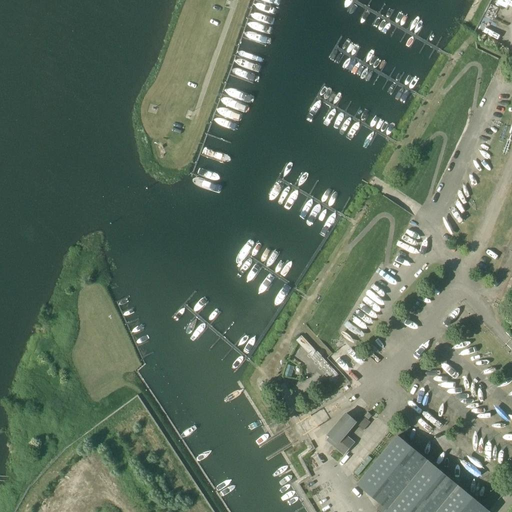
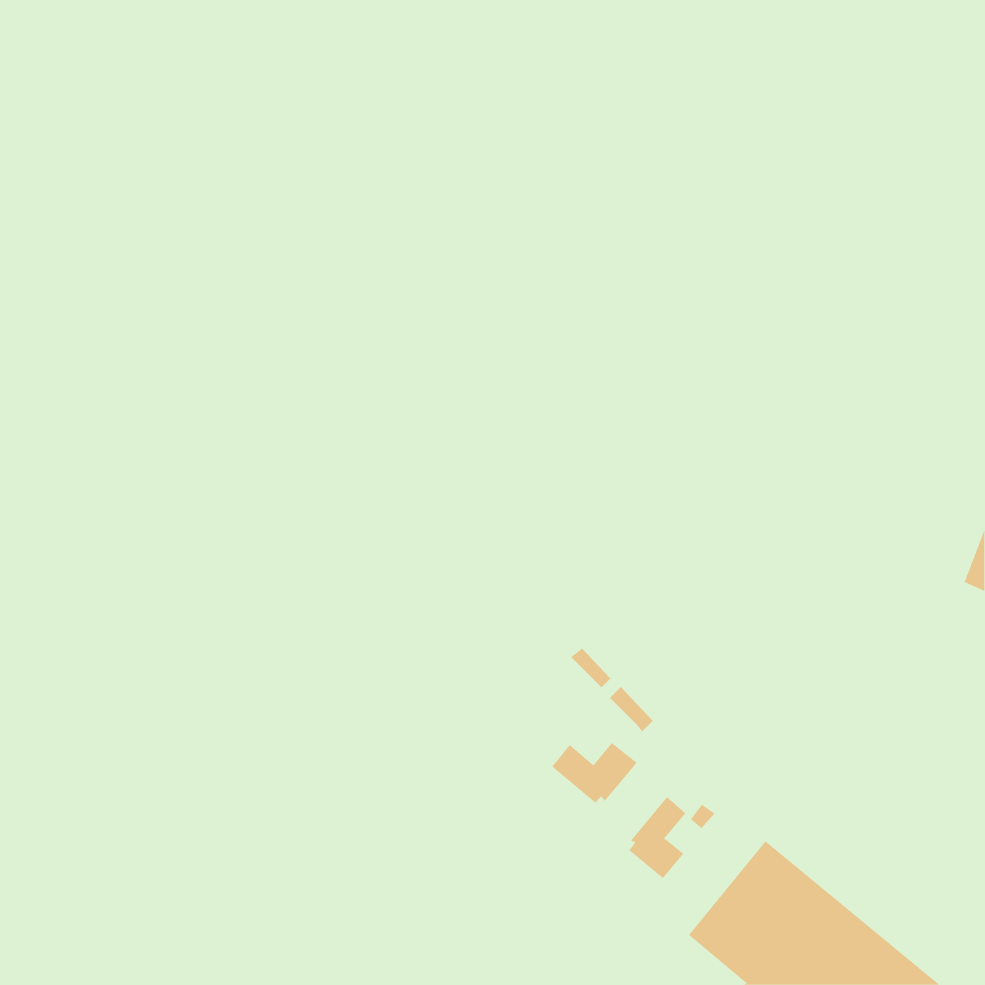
building: none -> [551,742,638,803]

